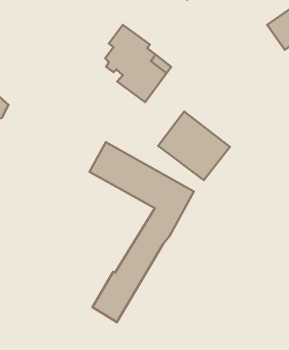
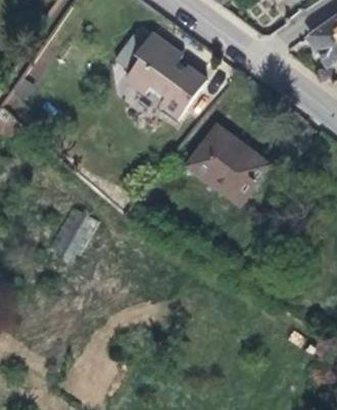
building: [90,142,194,322] -> none
building: none -> [46,207,95,263]

